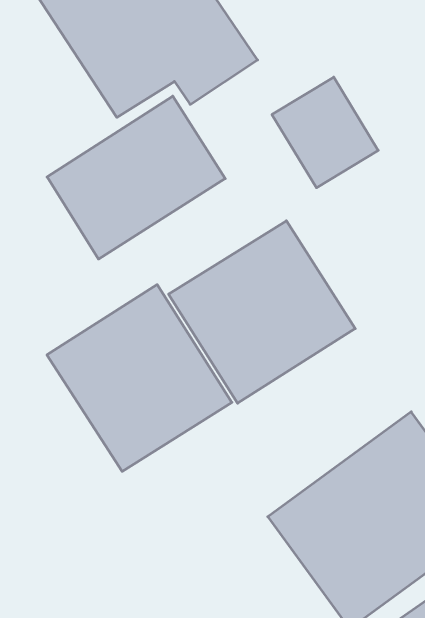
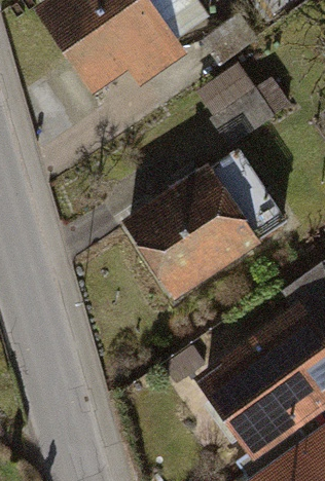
building: [47,96,225,259] -> none
building: [47,285,232,471] -> none

